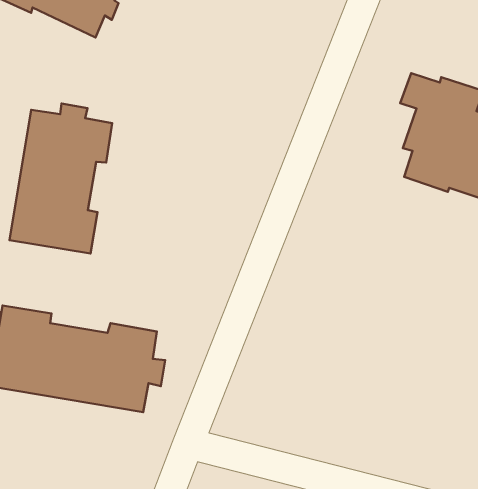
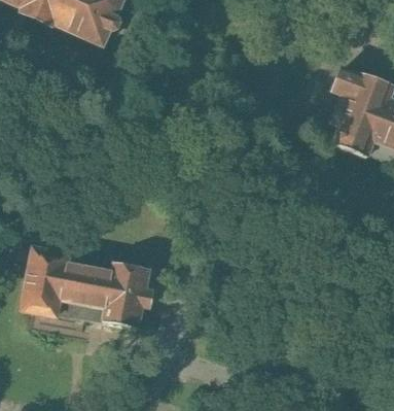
building: [9,103,112,254] -> none

